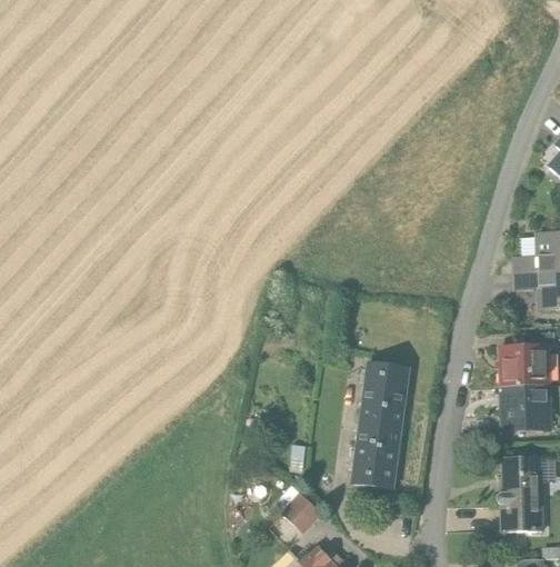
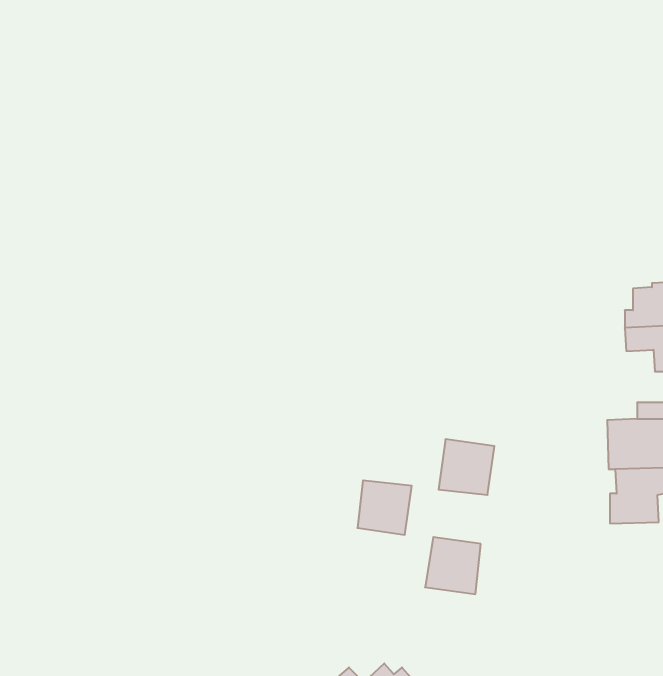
building: [358,404,402,448] -> [357,480,412,535]
building: [497,457,541,531] -> none
building: [274,494,320,531] -> none

